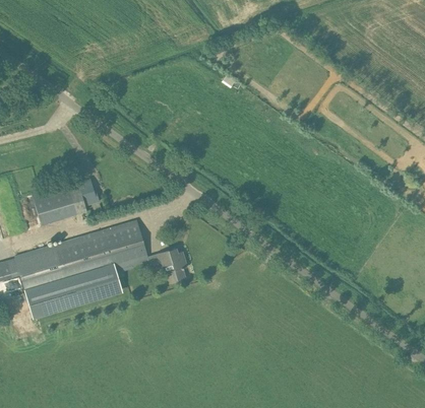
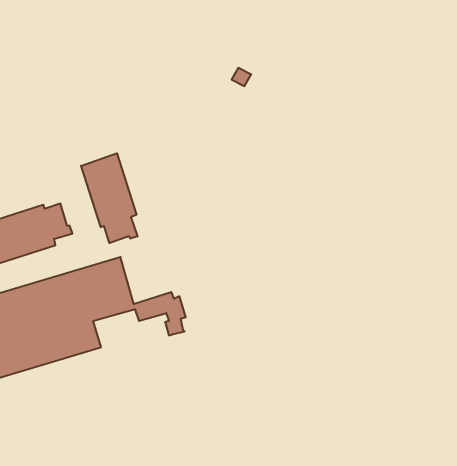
building: none -> [81,153,138,243]

